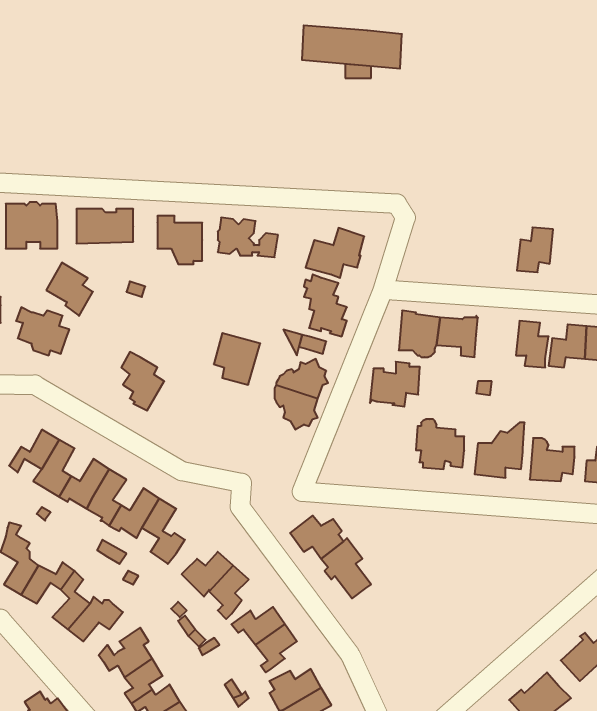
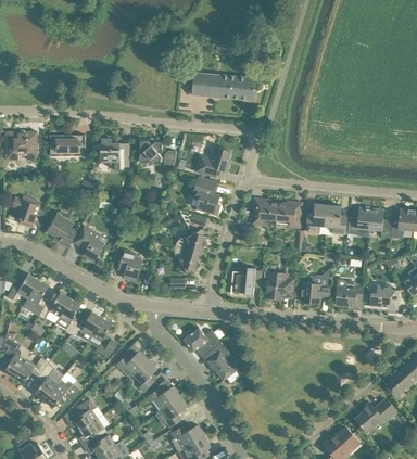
building: [302,25,402,69] -> [192,73,255,100]
building: [517,227,553,272] -> [305,204,328,232]
building: [46,263,93,316] -> [47,214,76,247]
building: [214,333,260,385] -> [117,250,147,282]
building: [370,362,420,407] -> [230,267,262,295]

